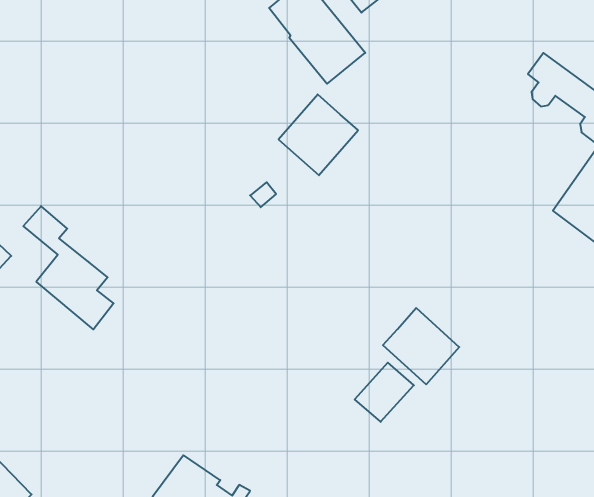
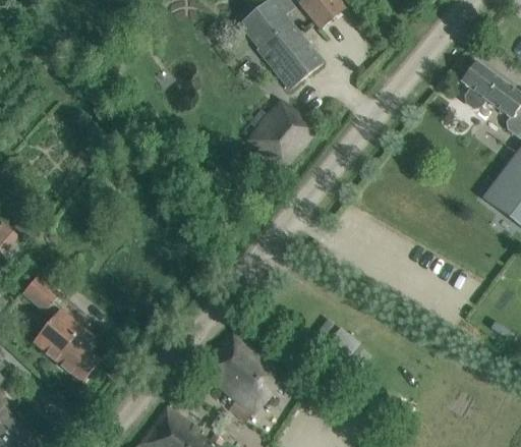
building: [23,206,114,329] -> [22,276,100,382]
building: [383,308,459,384] -> none
building: none -> [201,331,285,422]

